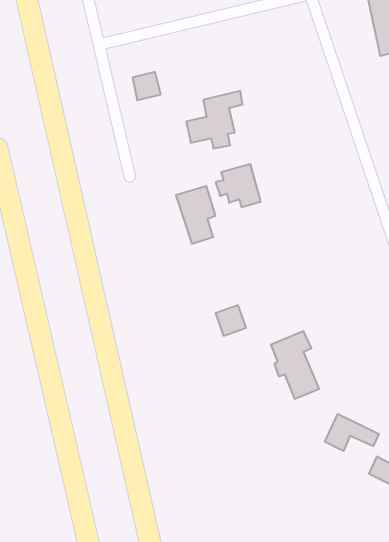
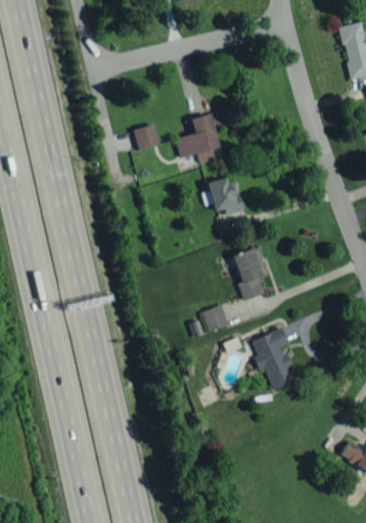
building: [133,72,161,100] -> [135,124,161,149]
building: [176,186,215,244] -> [231,247,267,299]
building: [325,414,379,451] -> none

